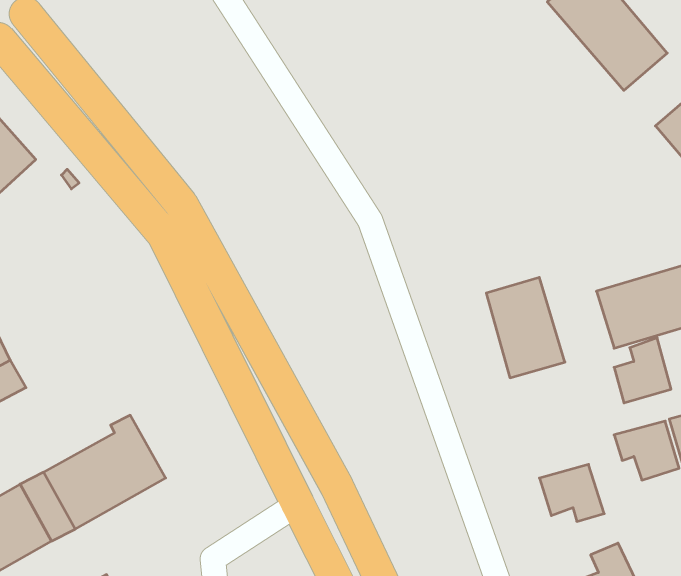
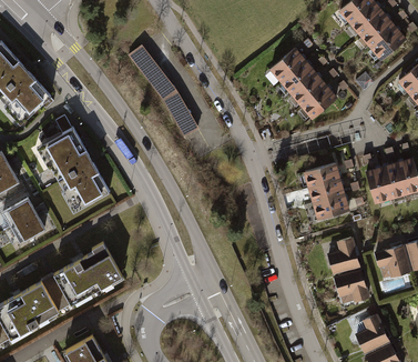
building: none -> [128,44,198,138]
building: none -> [271,46,337,117]
building: none -> [43,137,104,210]
building: [614,338,671,403] -> [328,238,360,274]

